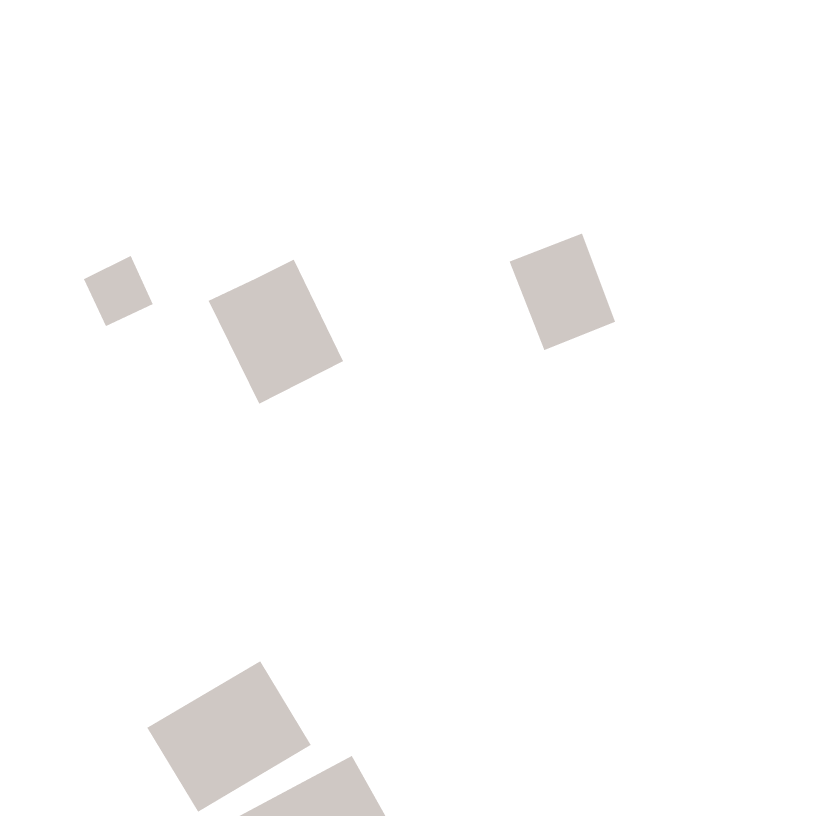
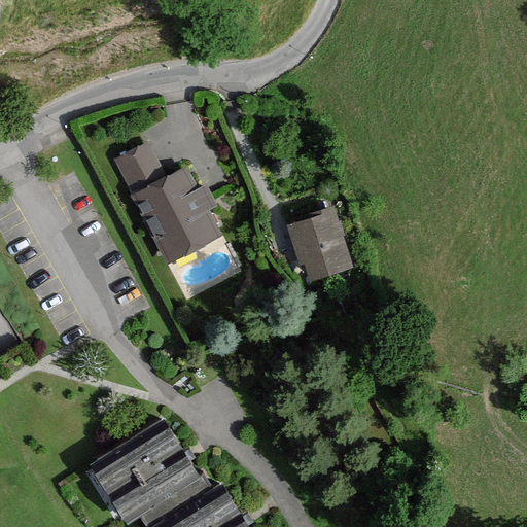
building: [509,232,616,351] -> [284,207,353,283]
building: [83,255,154,327] -> [118,149,164,196]

